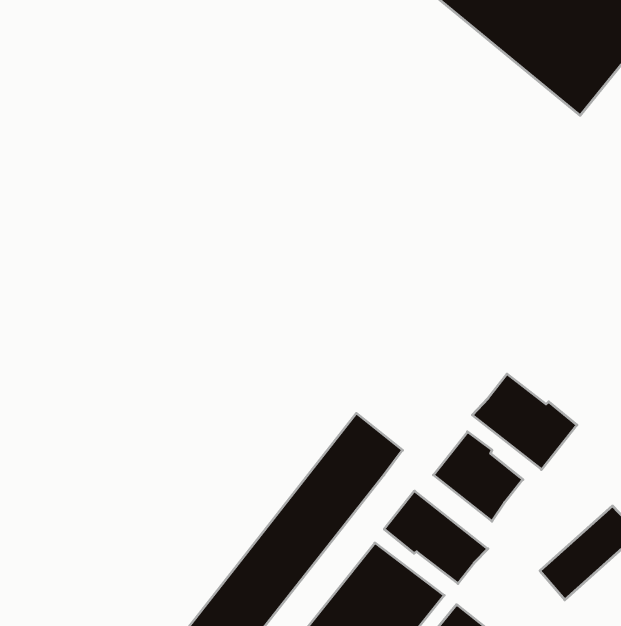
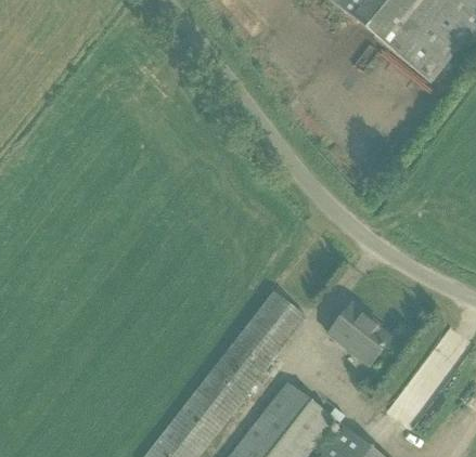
building: [472,374,577,470] -> none
building: [384,491,488,584] -> none

